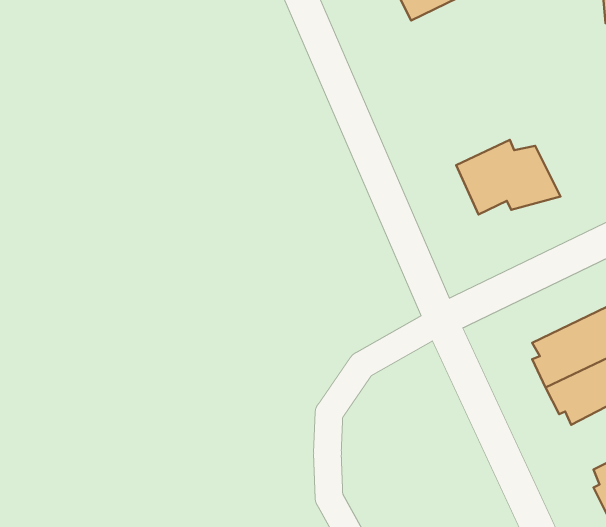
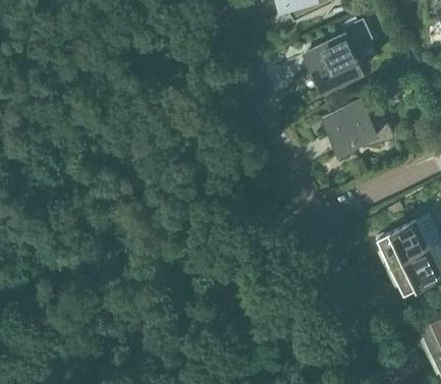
building: none -> [304,20,372,91]

